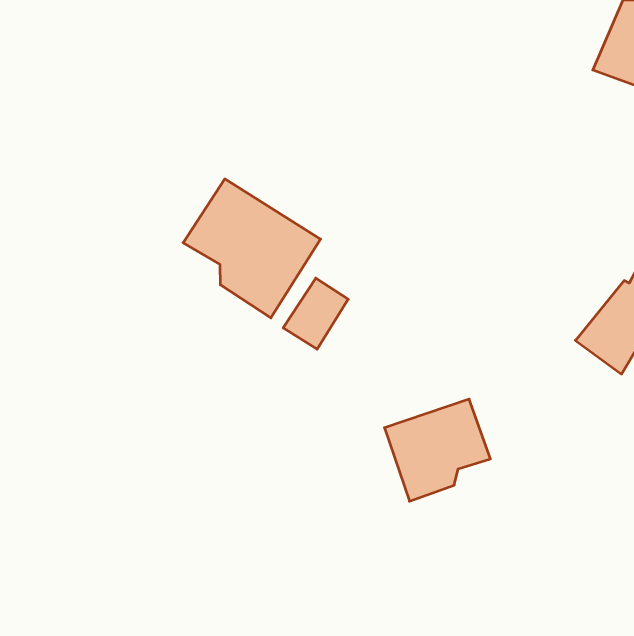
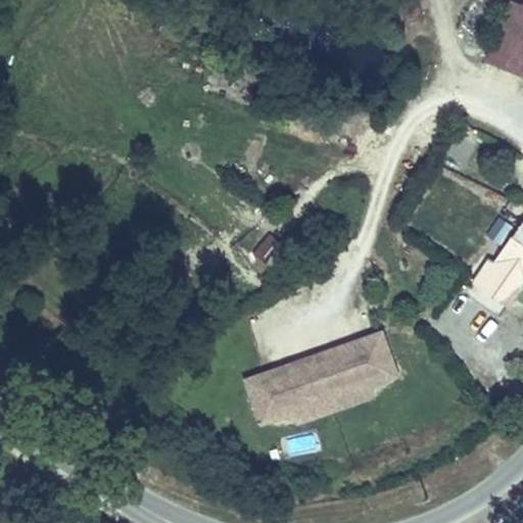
building: [183,179,321,318] -> none
building: none -> [243,351,338,426]

